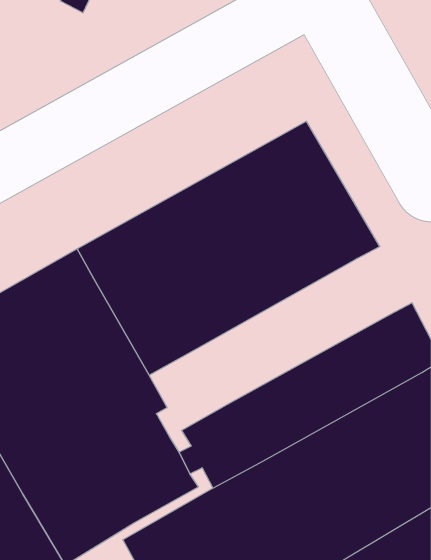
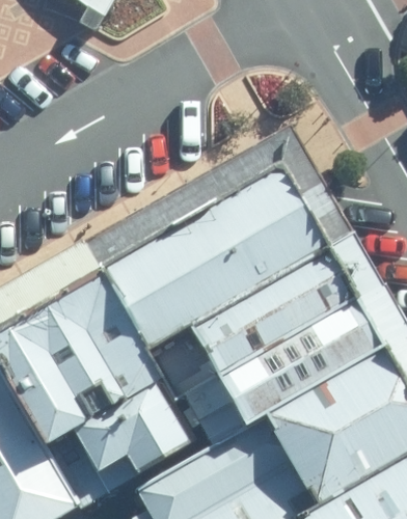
building: none -> [155,234,382,398]

